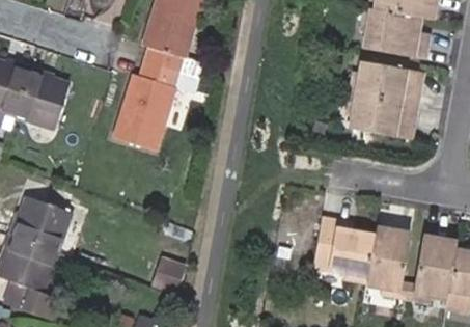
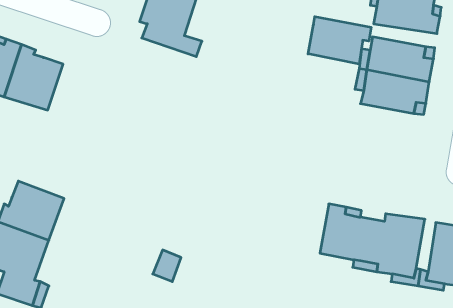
building: none -> [308,17,371,64]
building: [114,61,199,152] -> none

